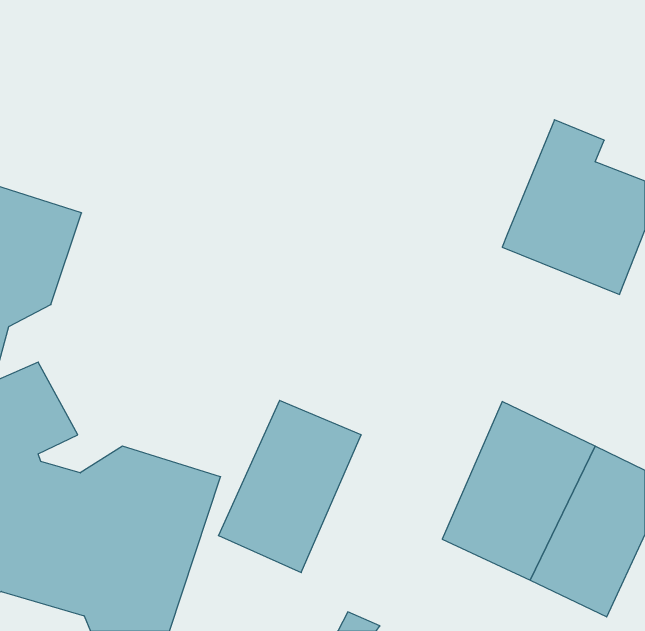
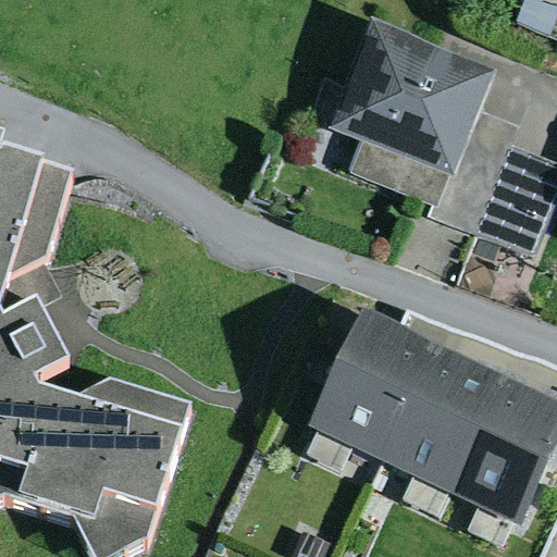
building: none -> [324,20,486,200]
building: [218,400,361,573] -> [307,313,429,460]

